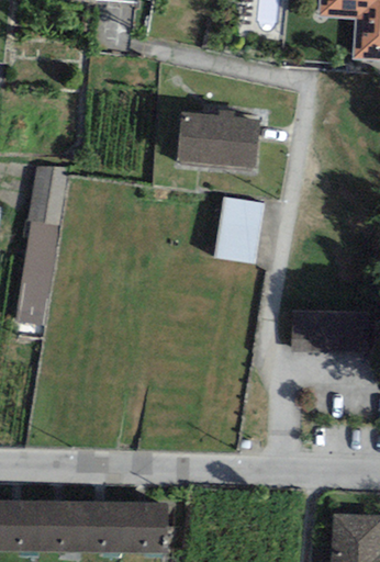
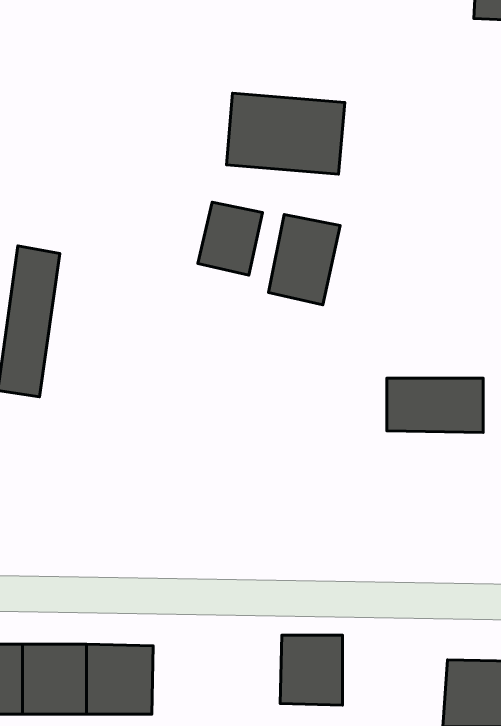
building: [26,166,69,226] -> none
building: none -> [198,202,263,275]
building: [124,503,168,552] -> [280,635,343,705]

